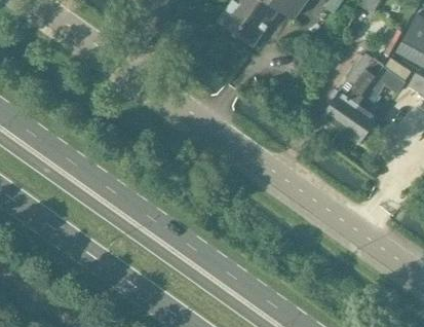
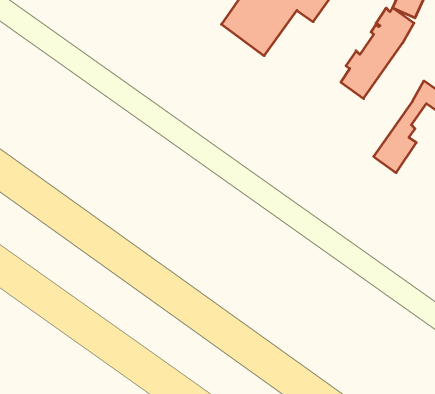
building: [322,56,382,130] -> [341,8,414,99]

